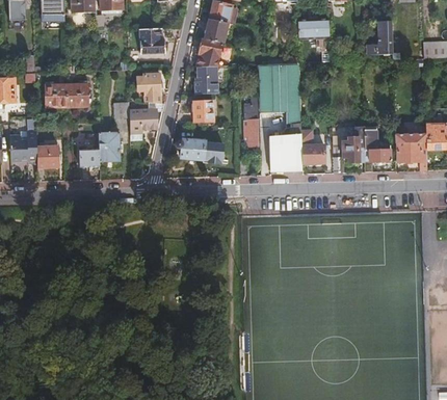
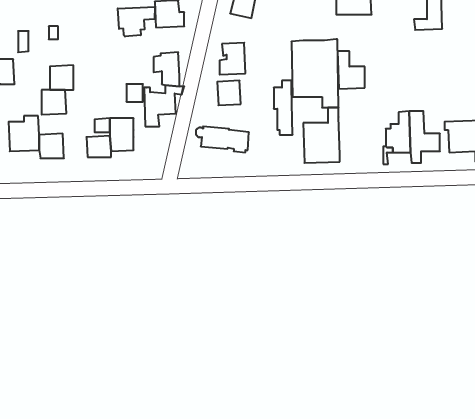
building: none -> [118,7,155,37]
building: [198,38,224,65] -> none
building: [67,84,88,106] -> [42,90,66,115]
building: [300,130,324,163] -> [338,51,365,89]

